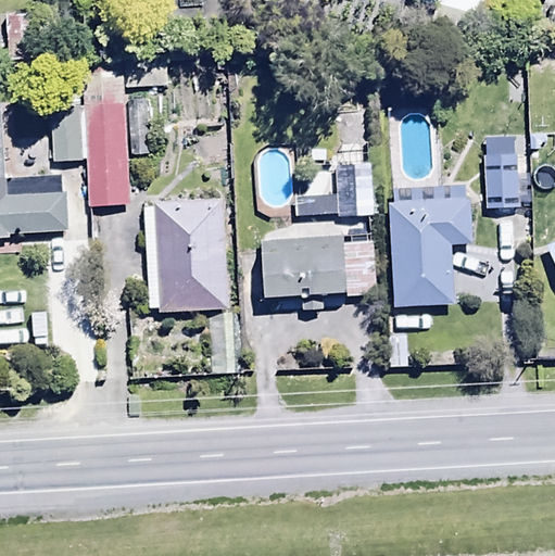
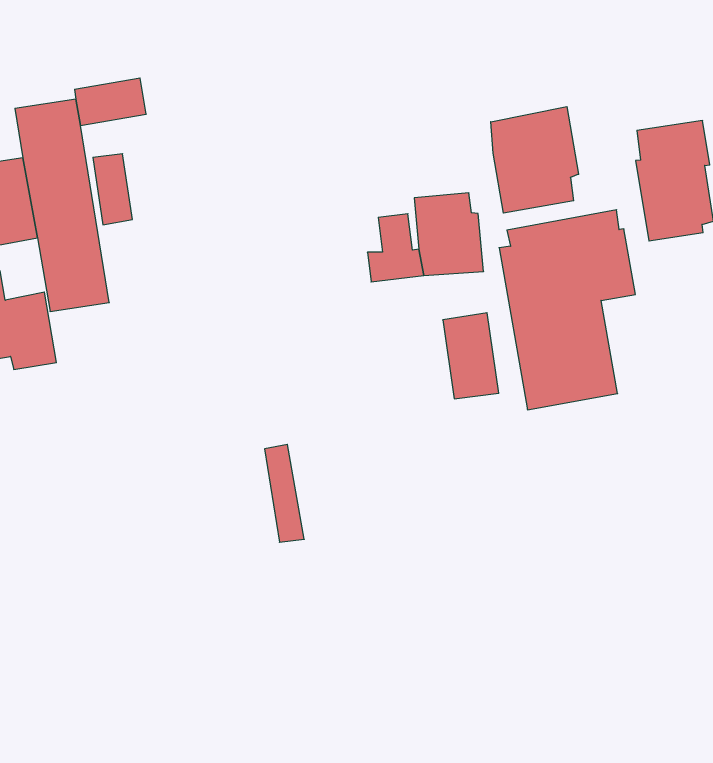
building: none -> [491,107,579,213]
building: [142,200,227,309] -> none
building: [258,237,342,293] -> none

